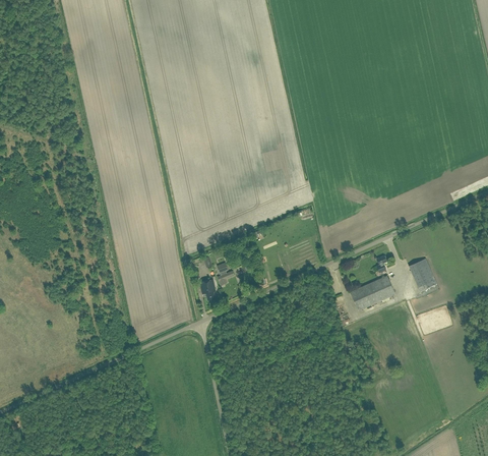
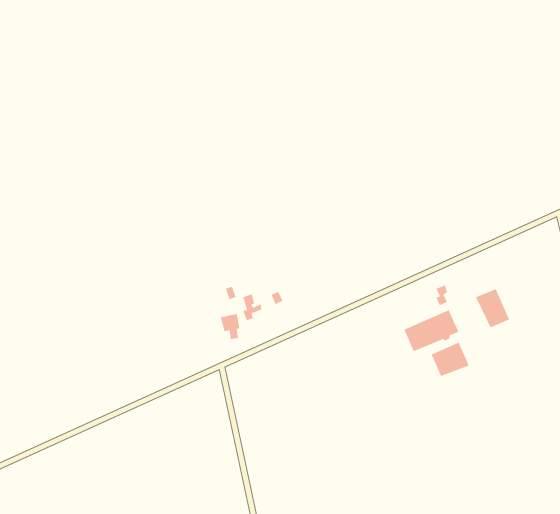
building: none -> [431,342,470,377]

